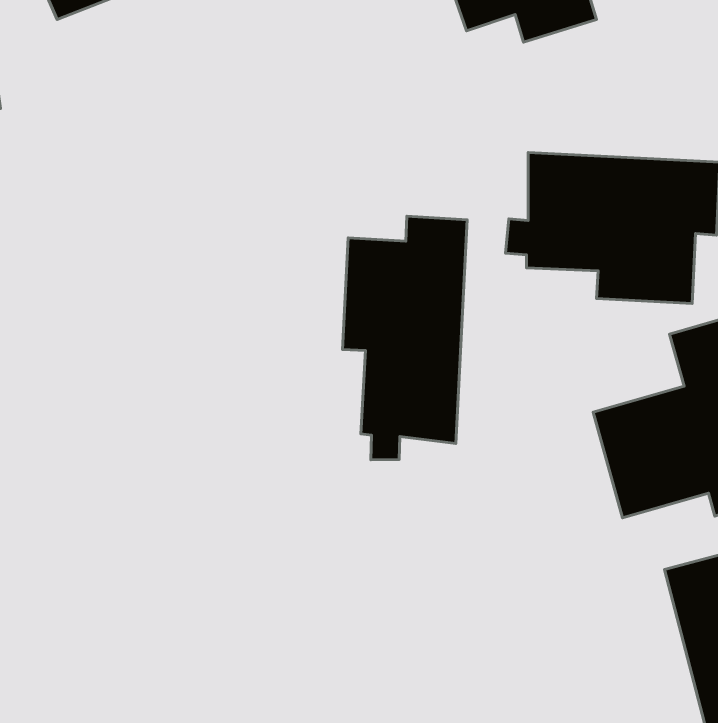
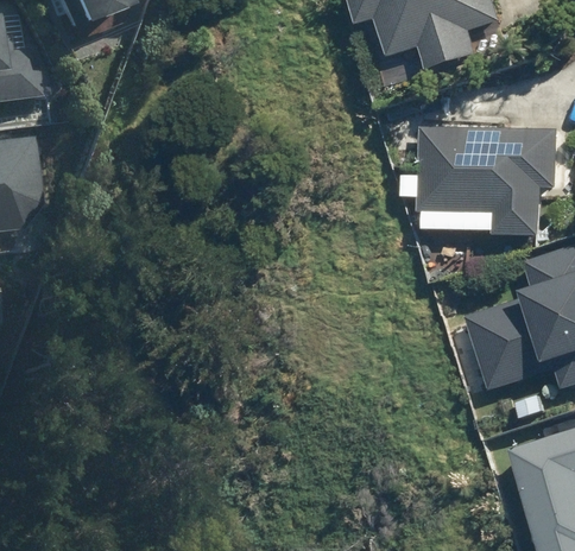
building: [343,216,467,460] -> none

